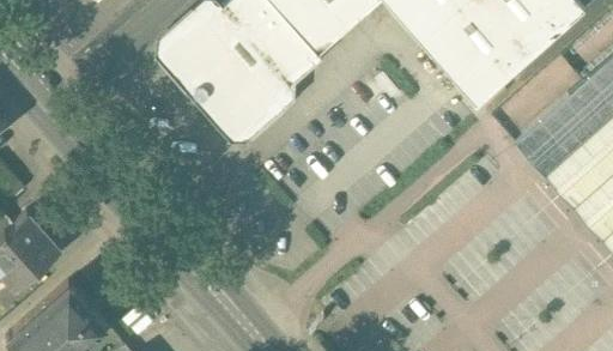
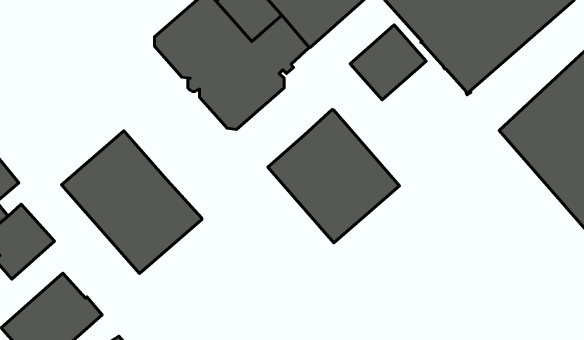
building: none -> [350,25,426,100]
building: none -> [268,110,399,243]
building: none -> [62,131,202,274]

